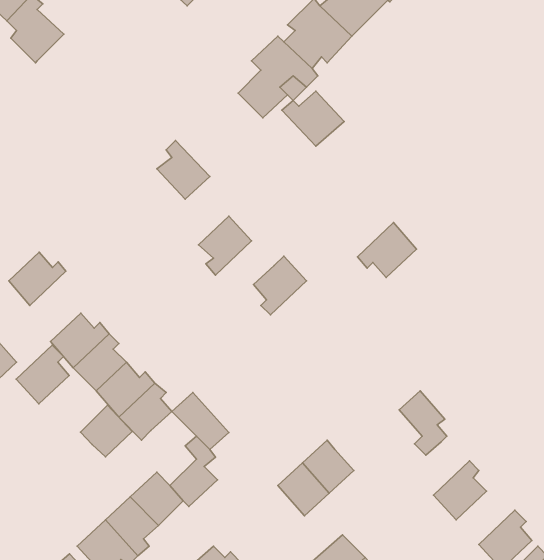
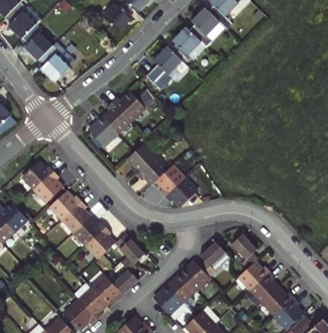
building: none -> [38,42,75,82]
building: [282,91,344,146] -> [112,92,145,121]
building: none -> [89,117,117,145]
building: [358,223,416,278] -> [162,177,194,206]
building: none -> [133,155,165,184]
building: [16,345,69,404] -> [34,172,63,203]
building: none -> [197,241,223,278]
building: [81,405,132,457] -> none
building: none -> [237,262,268,291]
building: none -> [152,286,181,315]
building: none -> [261,289,293,317]

